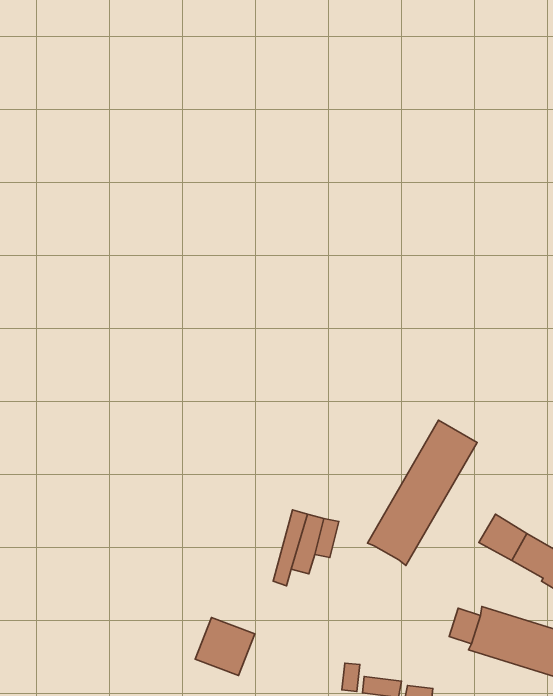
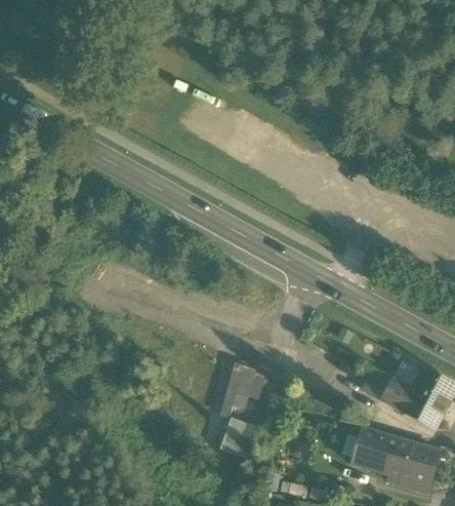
building: [367,420,477,566] -> none
building: [195,618,255,676] -> [220,419,261,459]

